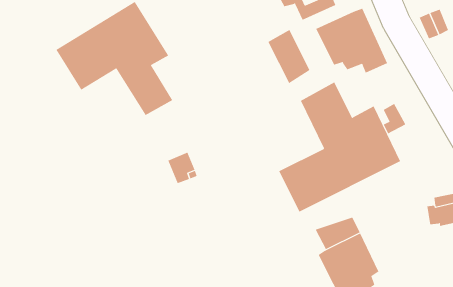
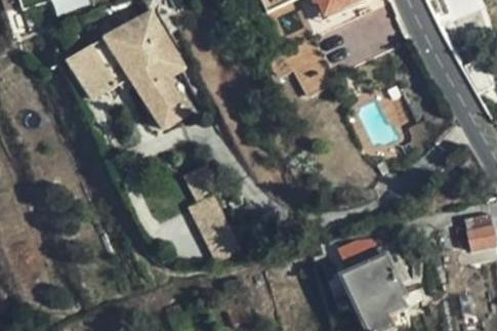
building: [316,8,388,73] -> none
building: [279,82,401,212] -> none

